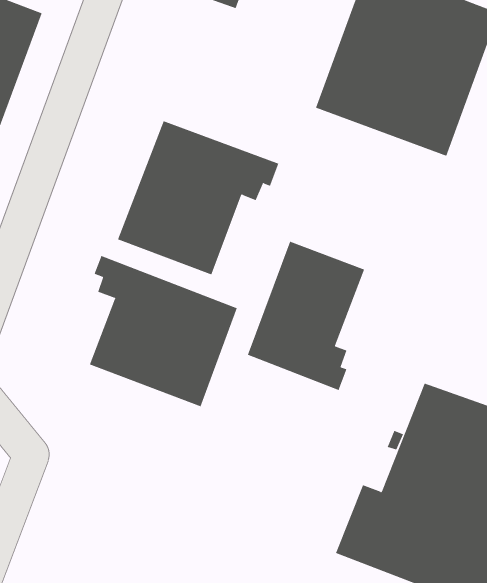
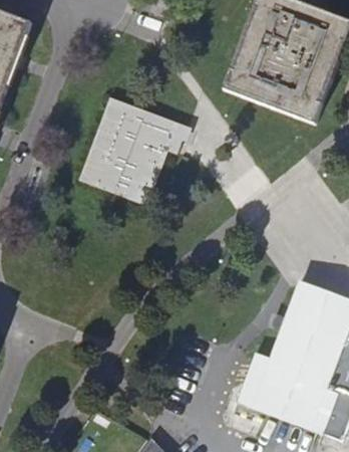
building: [247,241,365,391] -> none
building: [89,255,238,407] -> none

